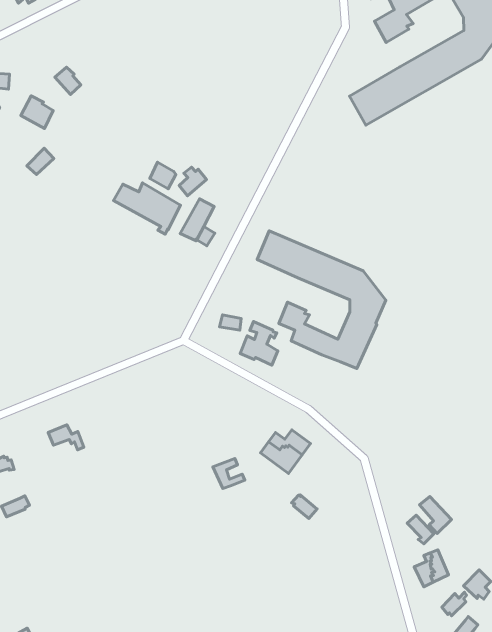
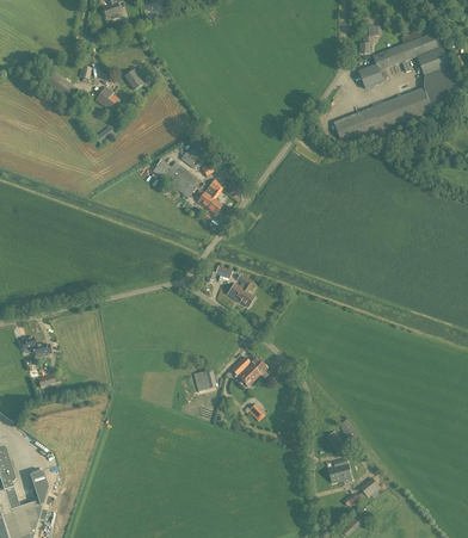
building: [257,231,386,369] -> none

